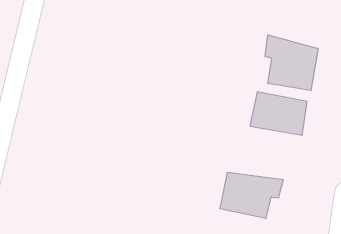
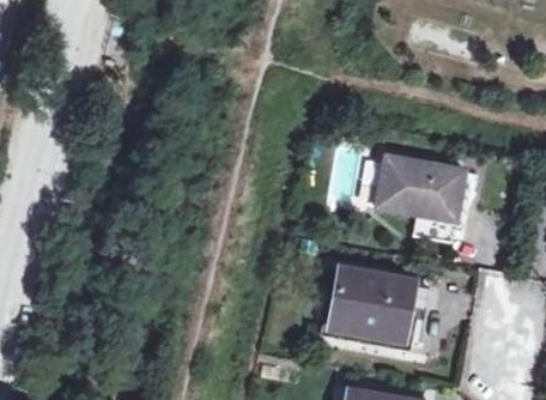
building: [265,35,318,91] -> none

